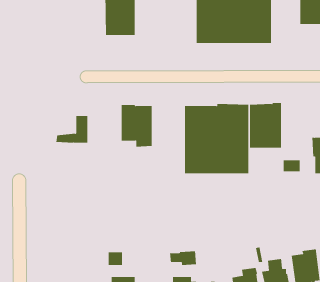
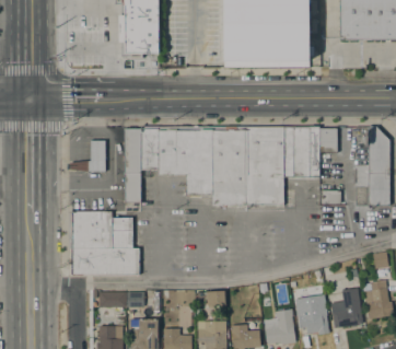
building: none -> [321,128,338,153]
building: none -> [125,129,142,202]
building: none -> [177,130,212,196]
building: none -> [70,211,140,276]
building: none -> [100,292,128,307]

